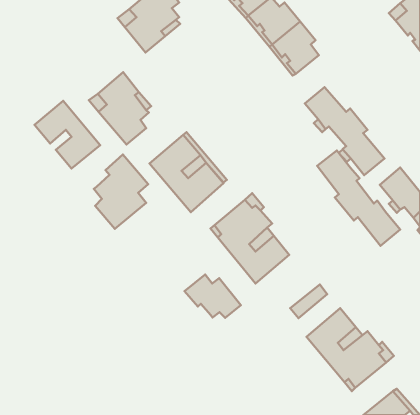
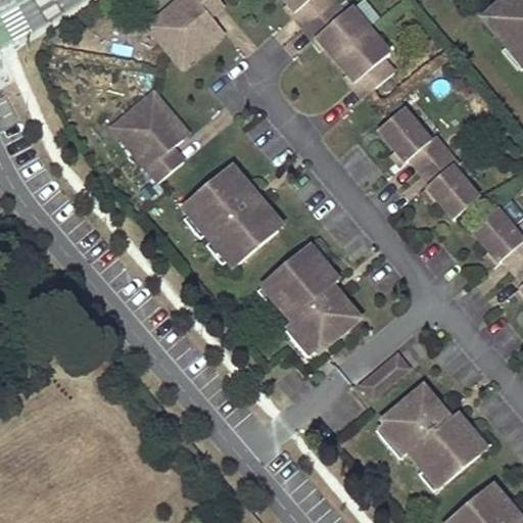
building: [34,101,100,168] -> none
building: [317,150,400,246] -> none
building: [94,154,148,229] -> none
building: [185,275,241,318] -> none

